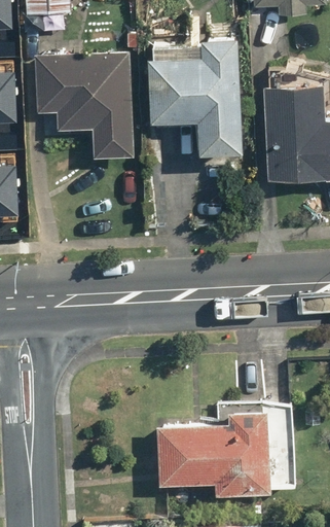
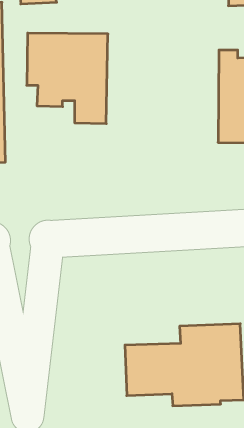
building: [148,38,239,155] -> none

